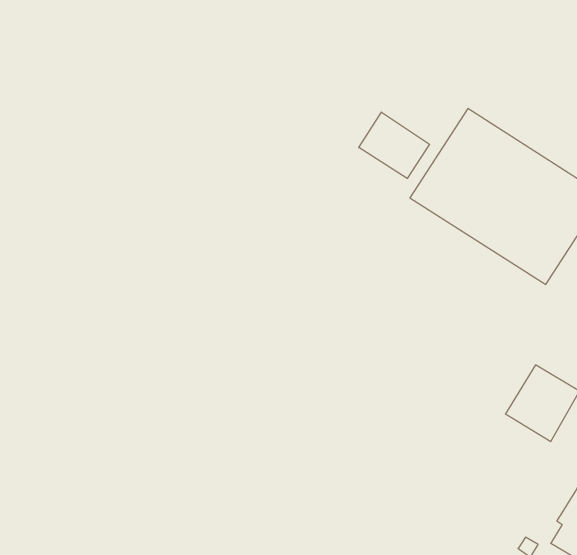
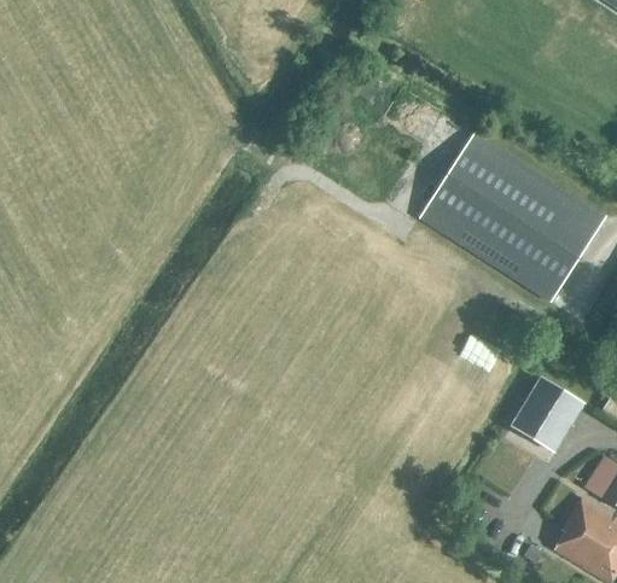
building: [359,112,430,178] -> none

